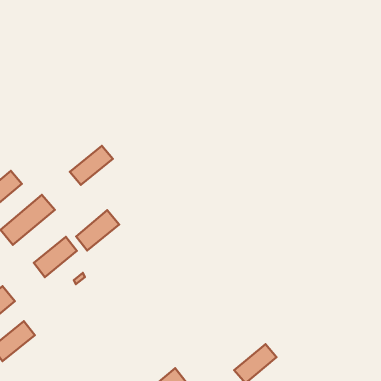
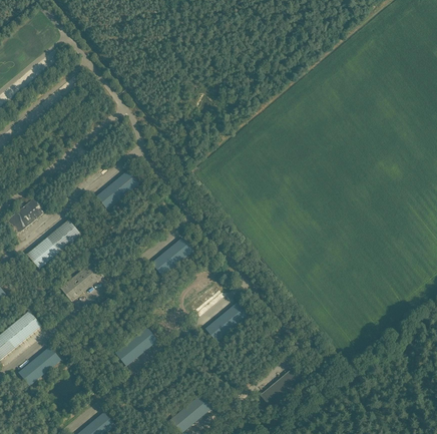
building: [76,210,119,250] -> [151,237,194,277]
building: none -> [205,303,249,343]
building: none -> [115,327,158,367]

